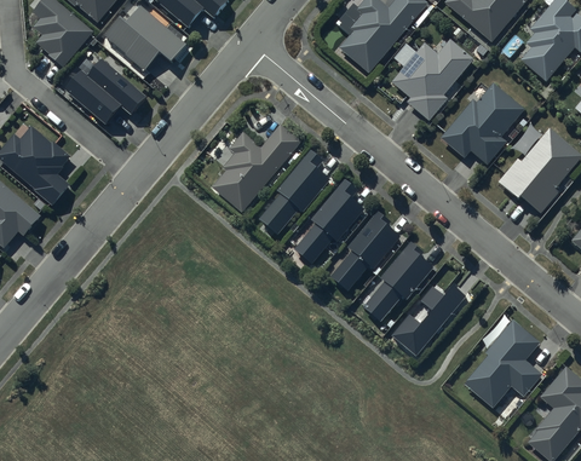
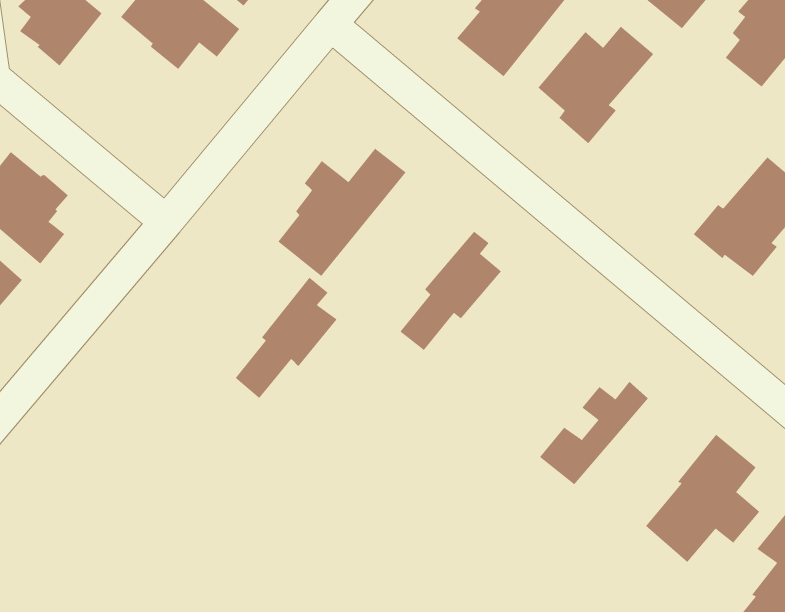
building: [64,59,146,123] -> none
building: [437,83,522,165] -> none
building: [259,150,329,234] -> [235,277,337,399]
building: [330,211,399,290] -> none
building: [363,242,433,322] -> none

